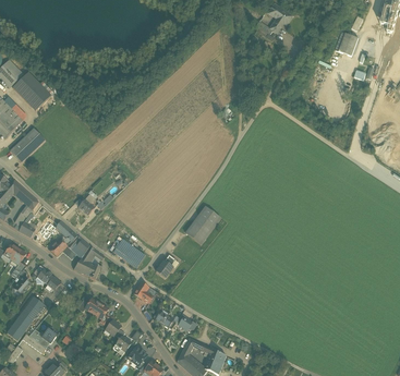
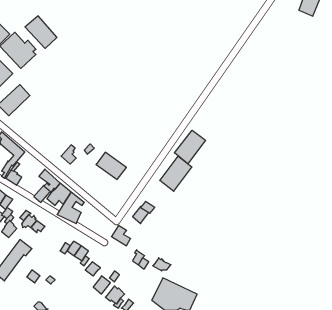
building: none -> [25,16,57,48]
building: none -> [174,130,206,164]
building: [112,239,145,268] -> [96,152,126,179]

